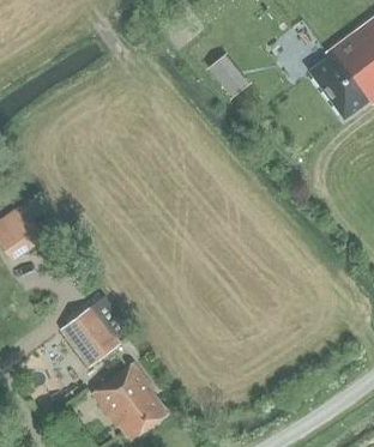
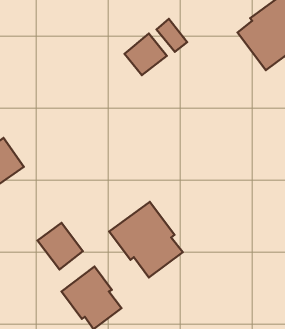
building: none -> [125,33,167,75]
building: none -> [109,202,183,277]

